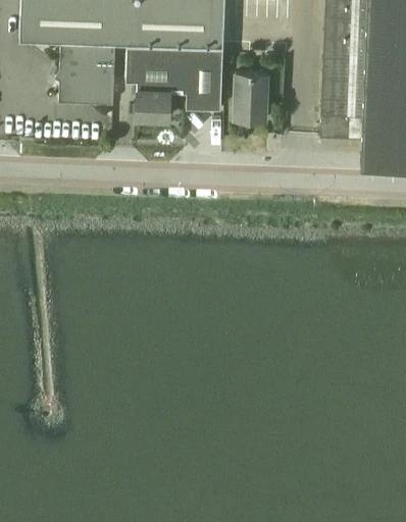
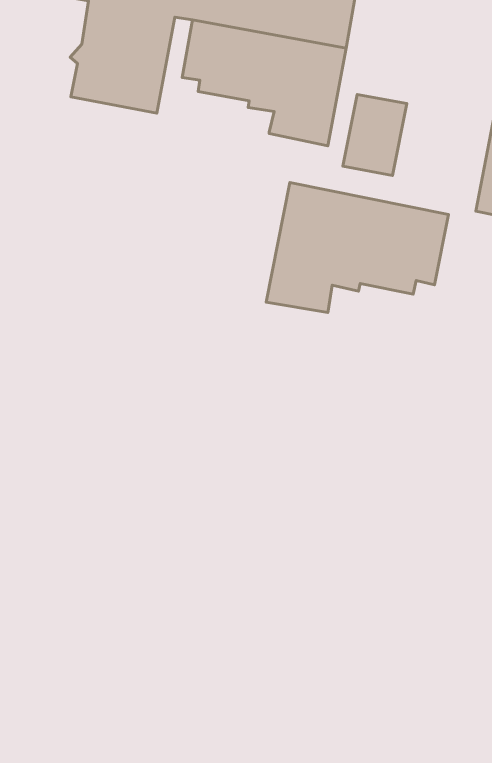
building: [137,85,187,115] -> none
building: none -> [266,183,449,313]

